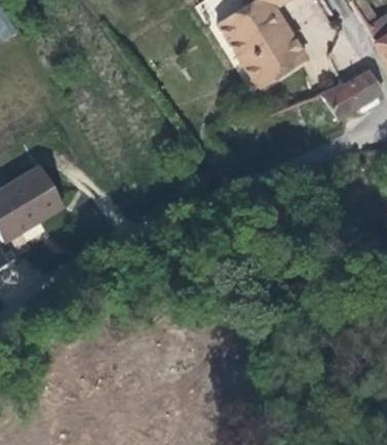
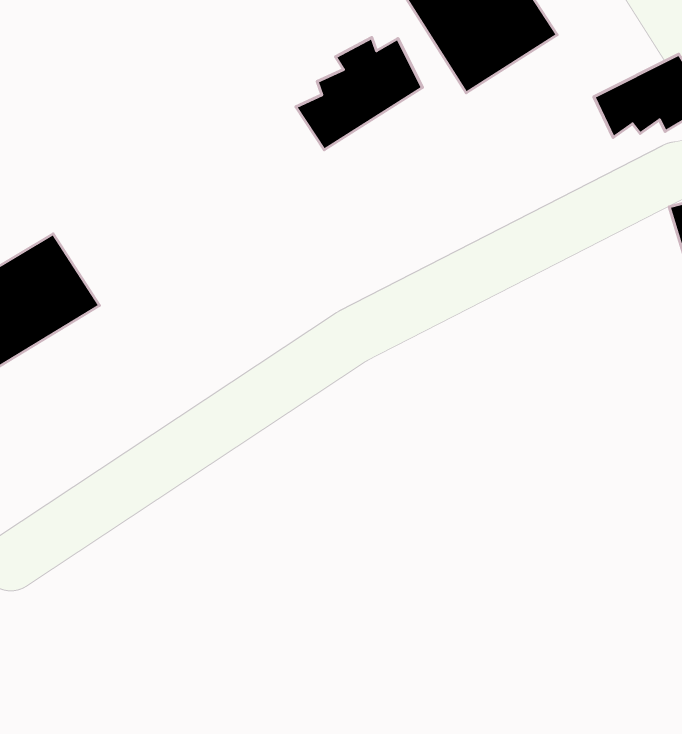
building: none -> [296,37,423,150]

